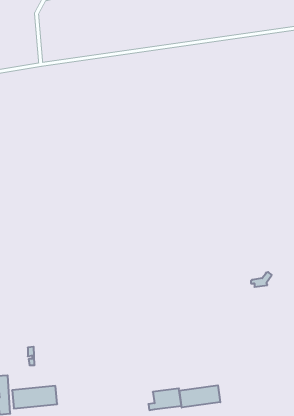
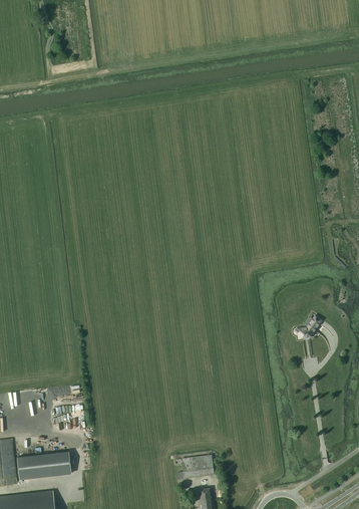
building: [179,385,220,408] -> none

